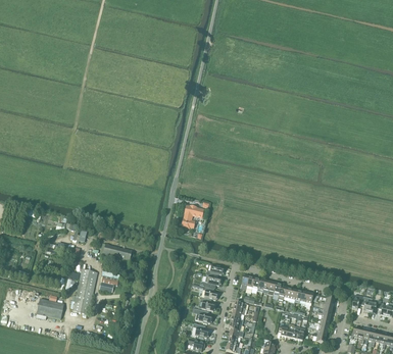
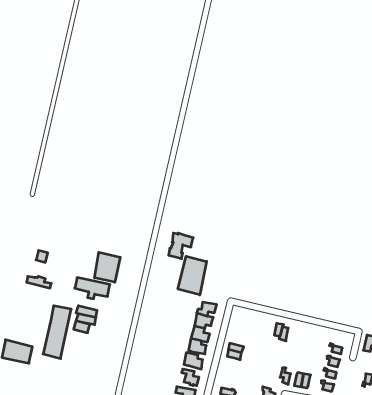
building: none -> [95,252,120,282]
building: none -> [178,256,207,295]

